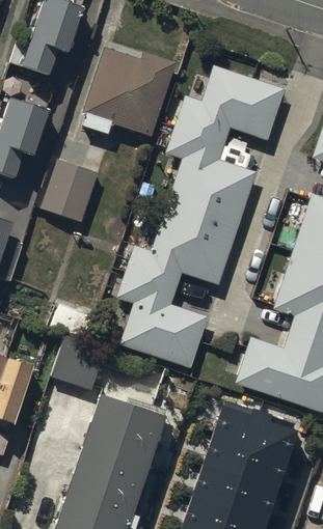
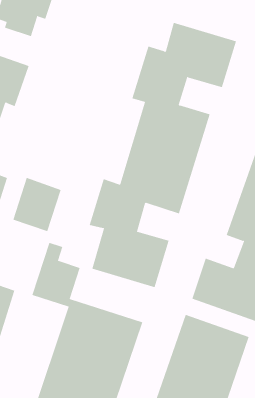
building: [81,47,174,139] -> none
building: [42,159,98,221] -> [12,177,61,232]

